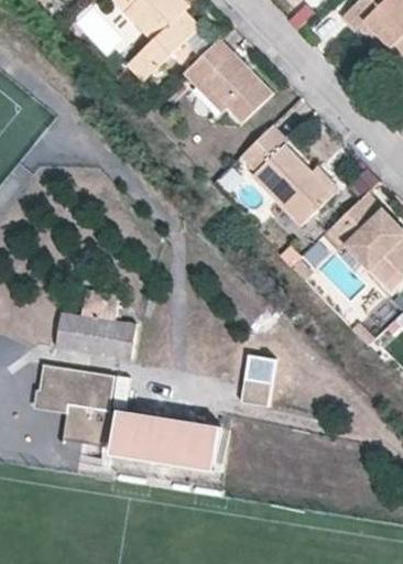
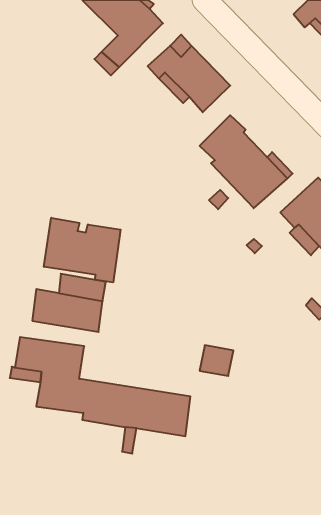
building: none -> [44,218,121,282]

